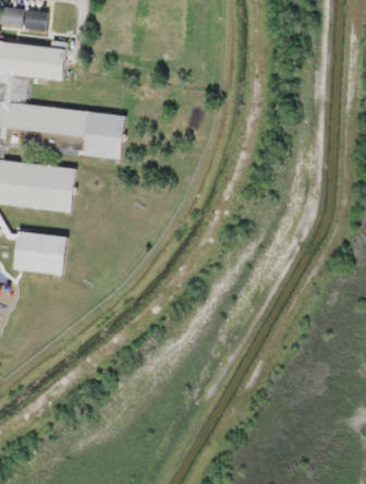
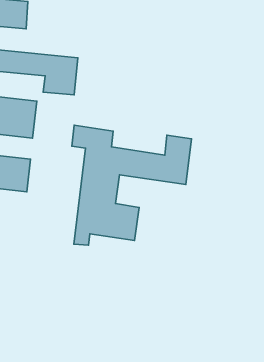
building: none -> [72,125,191,245]

